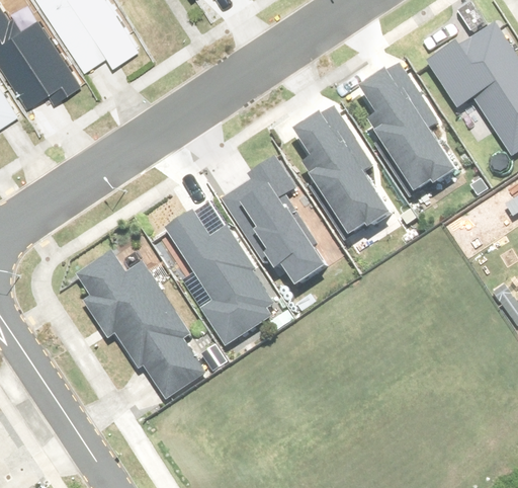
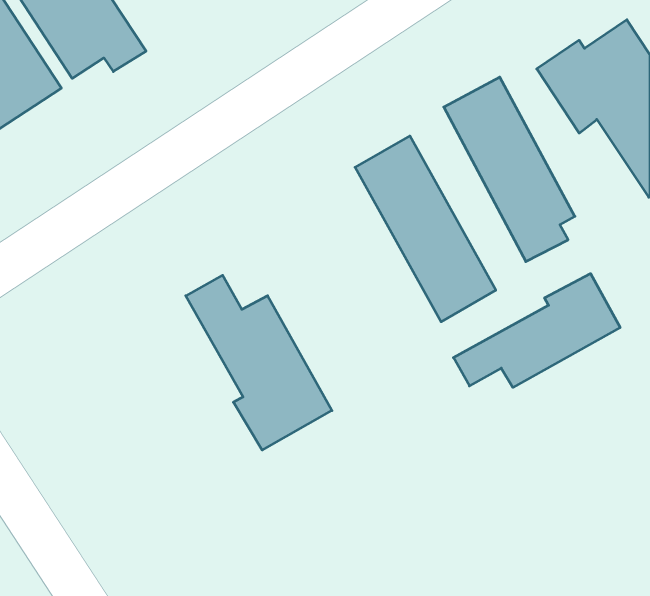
building: [220,155,323,288] -> none
building: none -> [453,274,620,387]
building: [74,247,202,401] -> none

